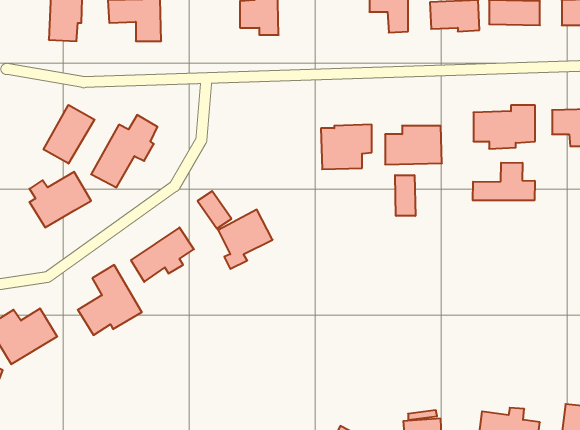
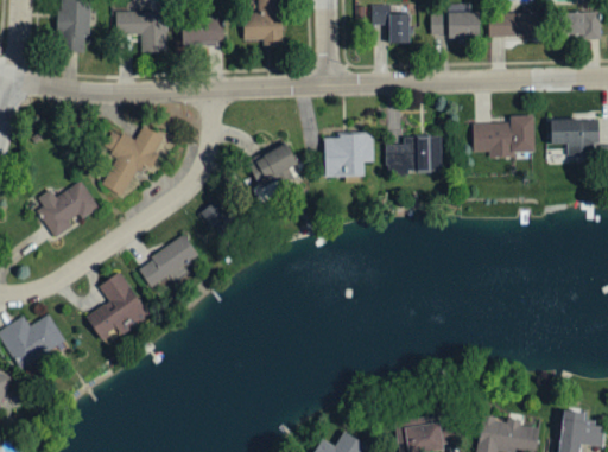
building: none -> [182,18,224,45]
building: [44,105,95,164] -> none
building: [473,163,535,200] -> none
building: [395,175,415,216] -> none
building: [218,210,273,269] -> [248,144,302,202]

